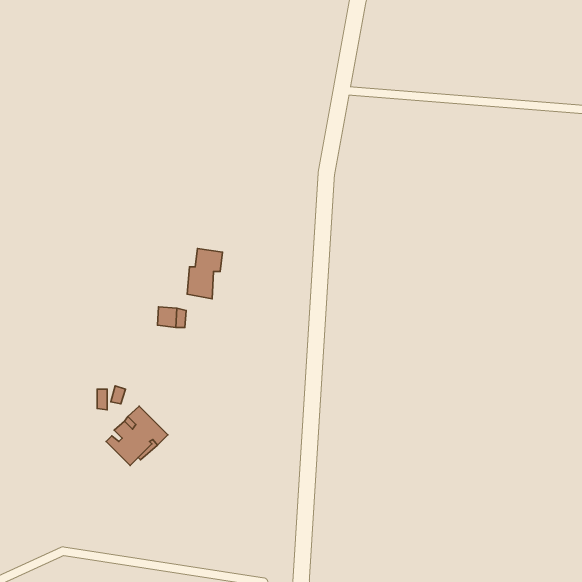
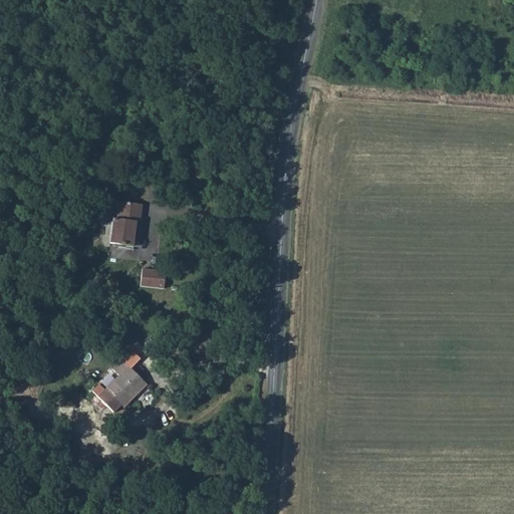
building: [187,249,223,299] -> [111,201,143,245]

